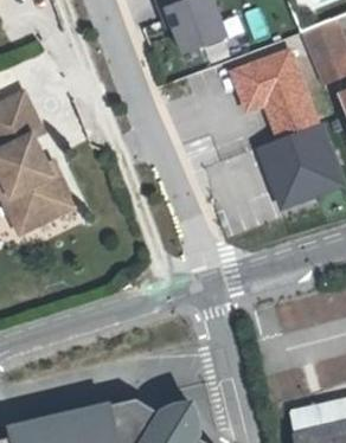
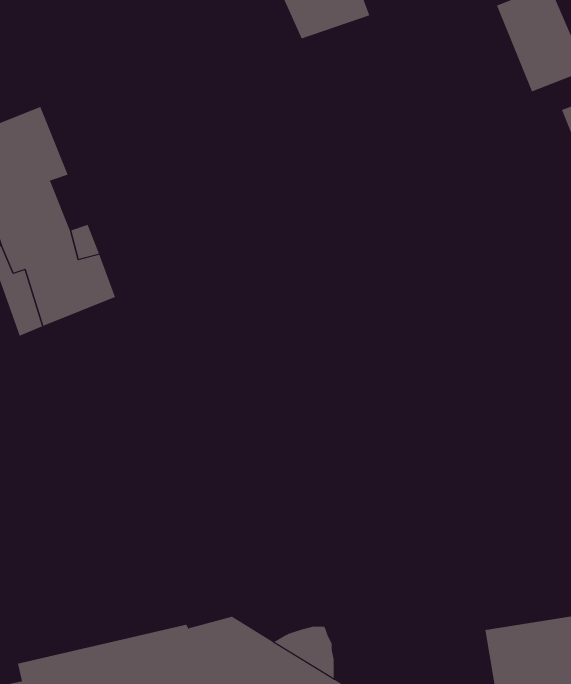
building: [231,53,339,207] -> none

